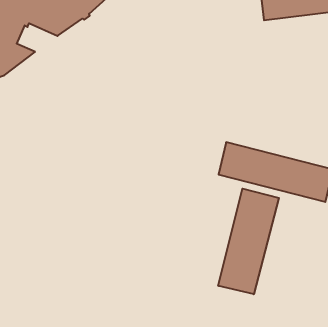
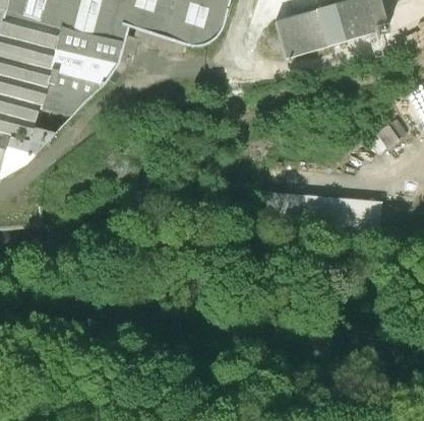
building: [218,189,279,294] -> none

